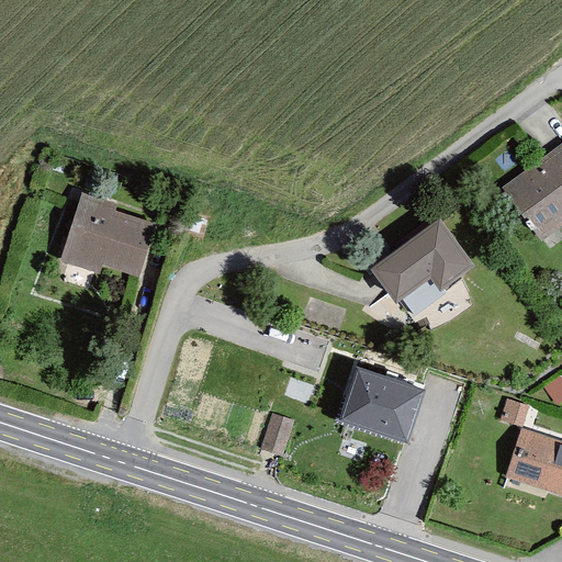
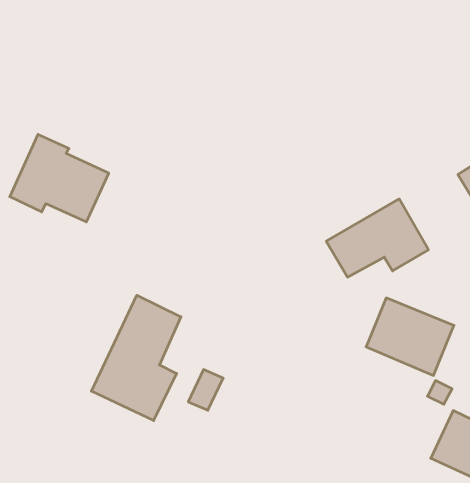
building: none -> [91,295,181,421]
building: [338,367,425,440] -> [366,298,454,375]

